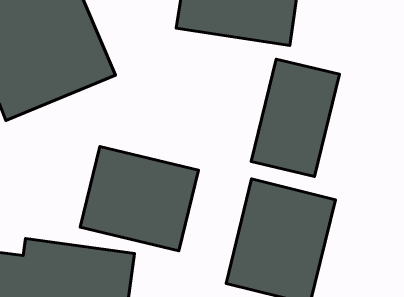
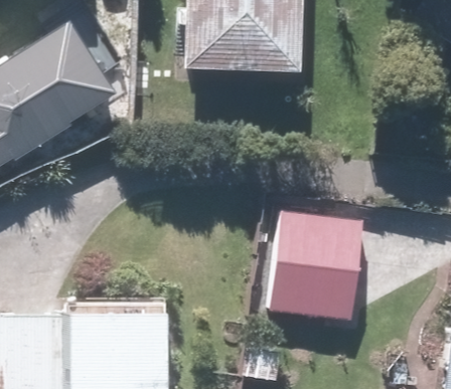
building: [251,59,339,176] -> none
building: [80,147,199,251] -> none

